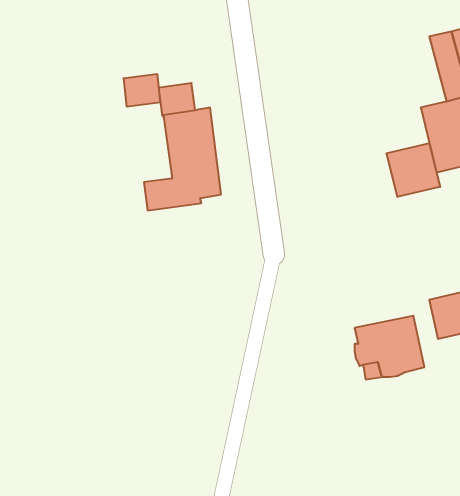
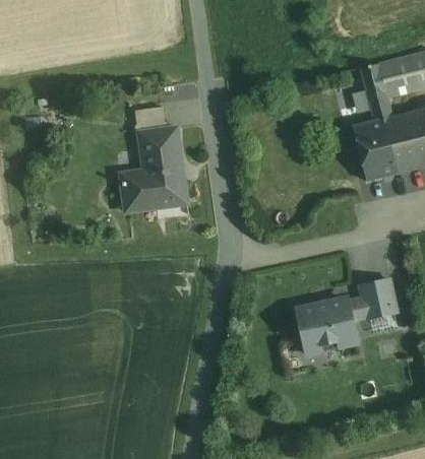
building: [124,74,160,107] -> none
building: [387,143,440,197] -> none

